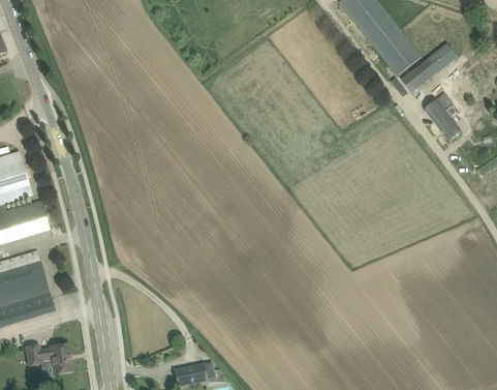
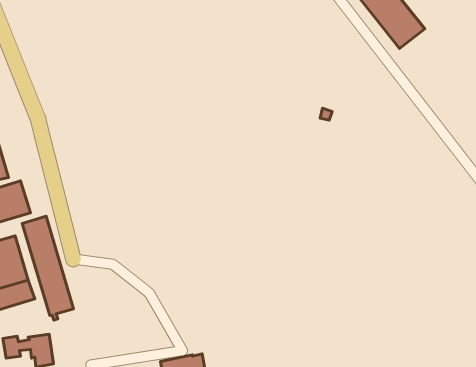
building: [401,42,458,101] -> none
building: [424,93,462,141] -> none
building: none -> [22,216,73,320]

